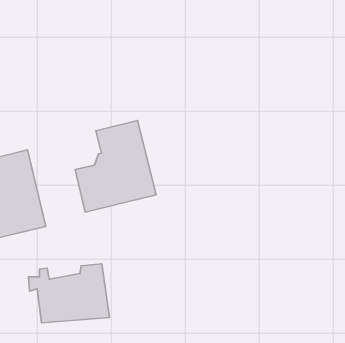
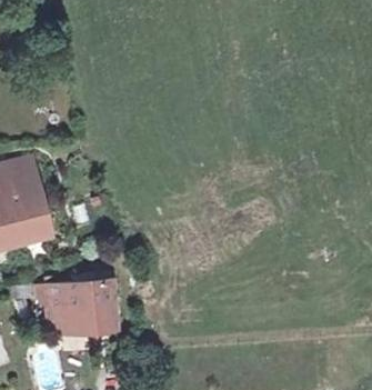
building: [75,121,156,212] -> none

